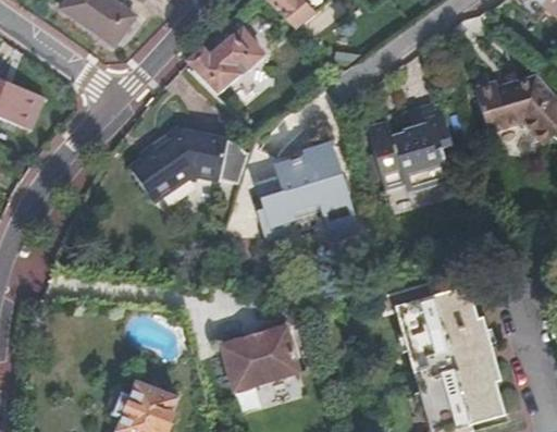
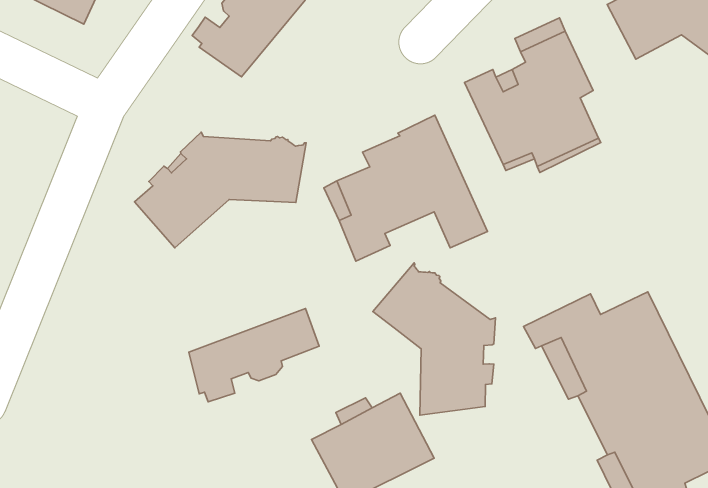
building: none -> [373,263,495,415]
building: none -> [189,308,319,402]

